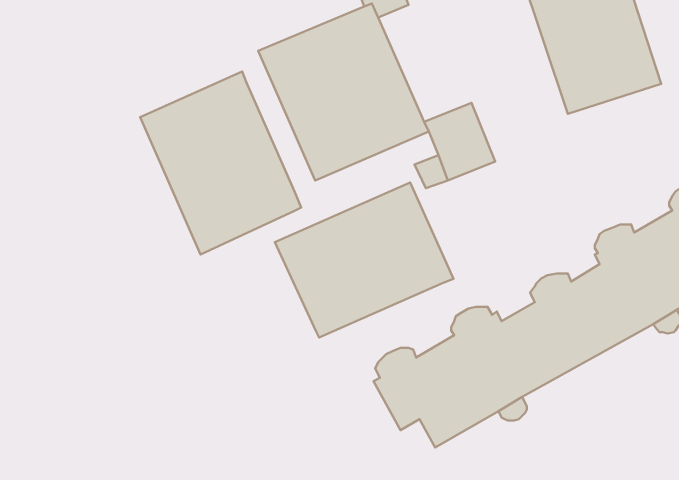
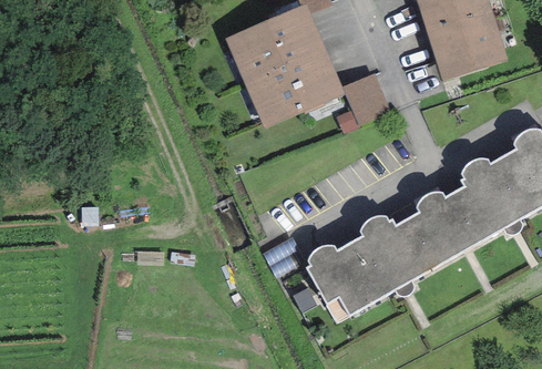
building: [140,71,301,254] -> none
building: [275,183,454,337] -> none

